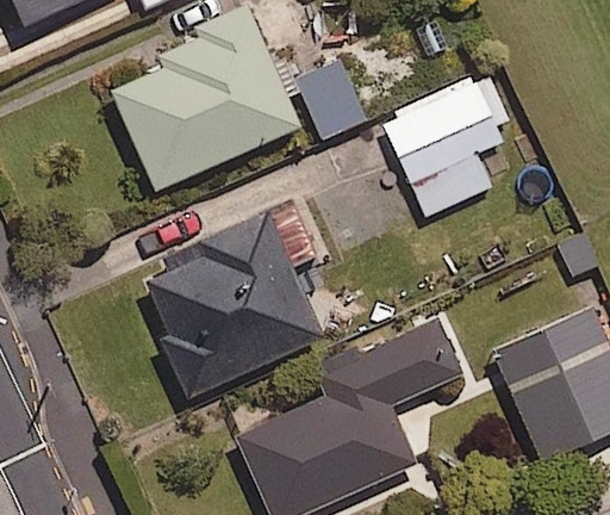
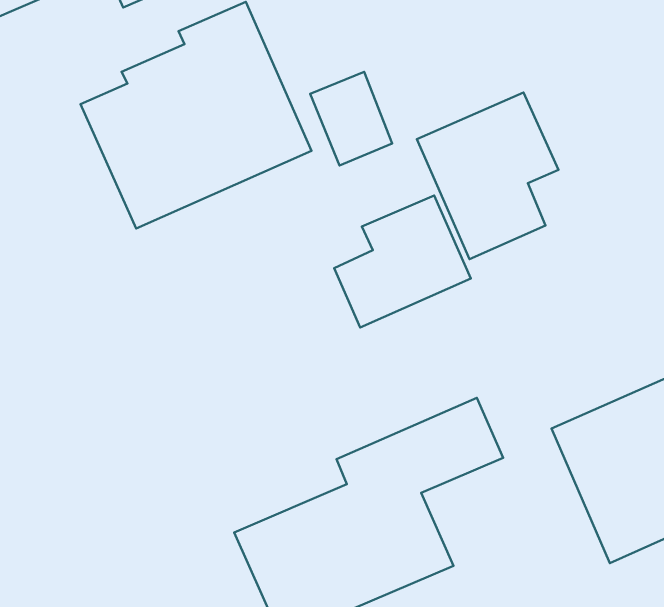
building: none -> [334,195,471,327]
building: [143,199,329,395] -> none

